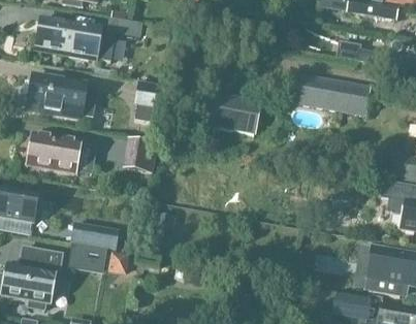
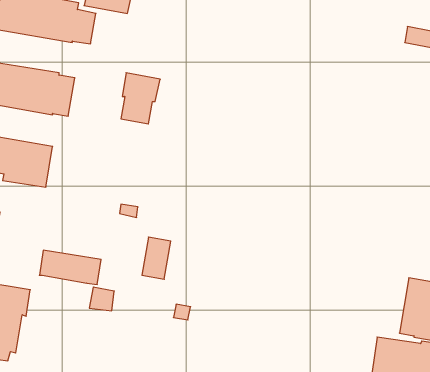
building: [287,72,371,117] -> none
building: [203,92,261,133] -> none
building: [118,137,156,173] -> none
building: [68,242,107,273] -> none

